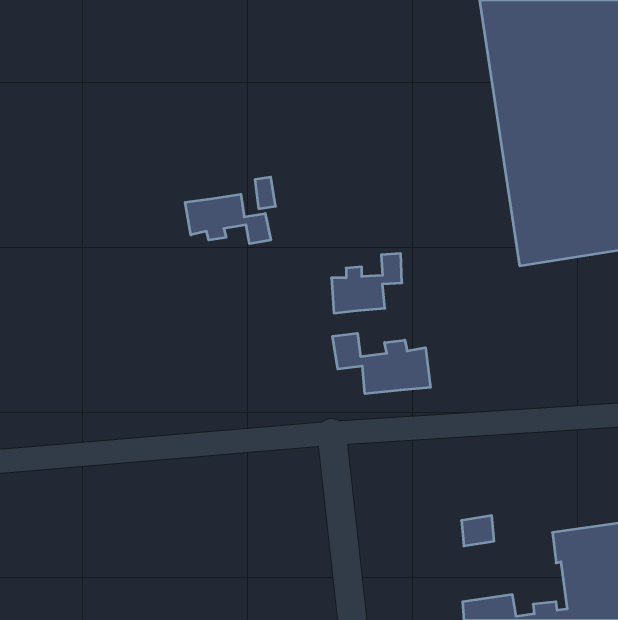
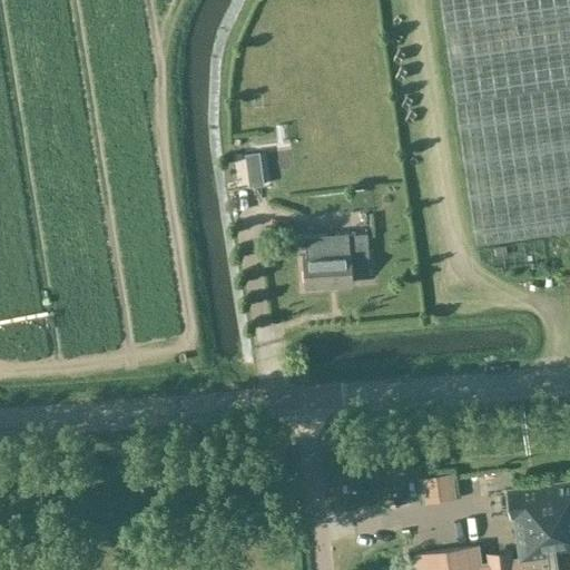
building: [185,194,271,244] -> none
building: [333,333,430,394] -> none

